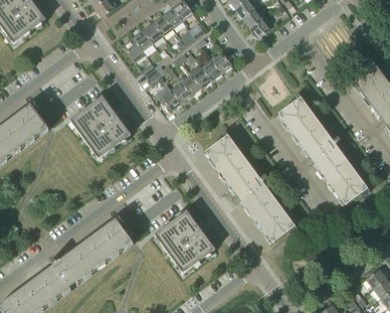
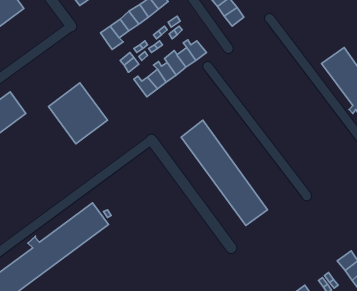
building: [277,97,367,203] -> none
building: [154,210,214,272] -> none

